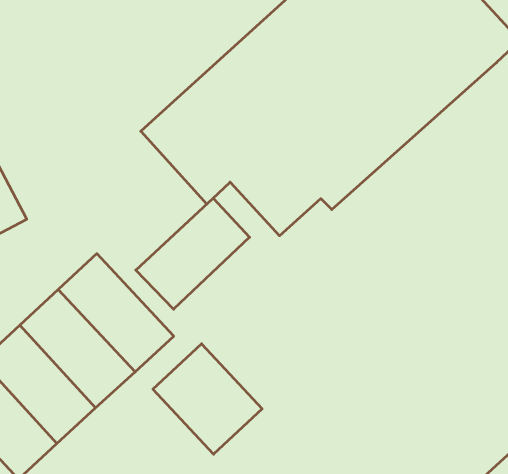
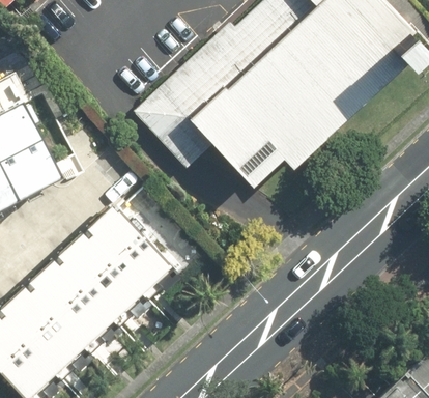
building: [136,198,250,309] -> none
building: [153,344,262,454] -> none

